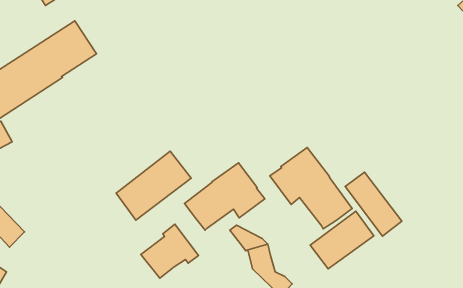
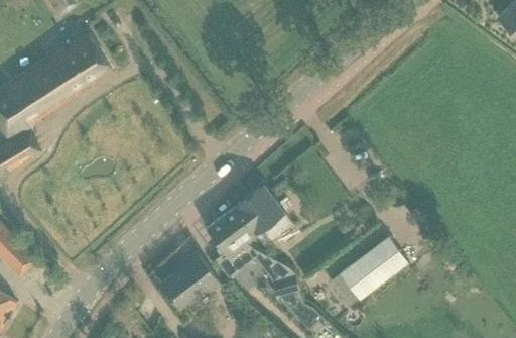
building: [270,148,352,229] -> none
building: [116,151,191,220] -> none
building: [345,172,402,236] -> none

